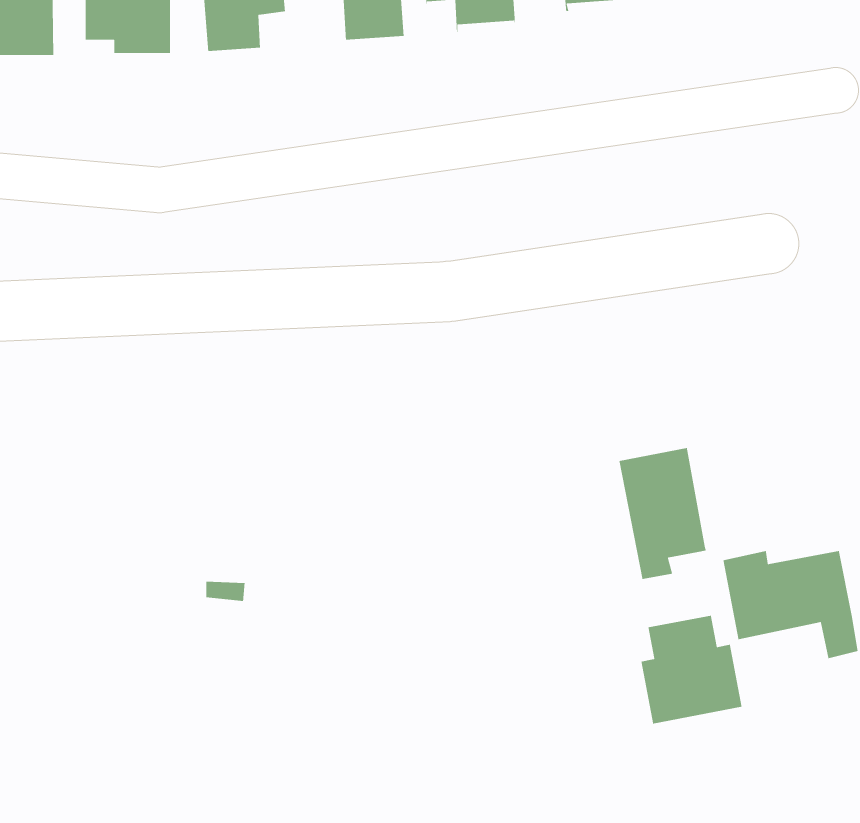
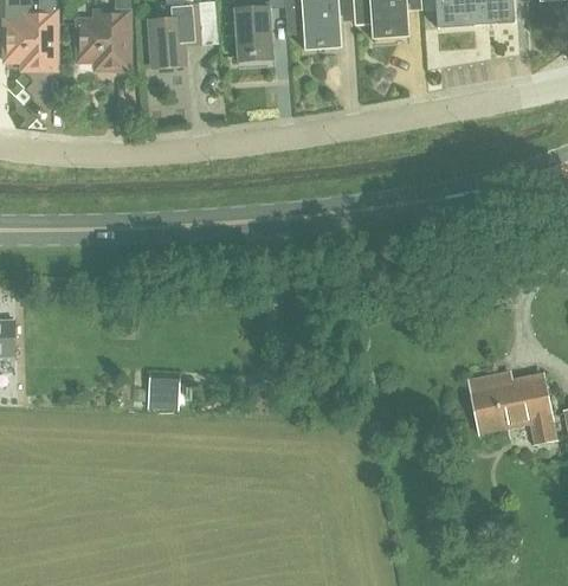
building: [618,447,707,580] -> none
building: [641,615,742,724] -> none

